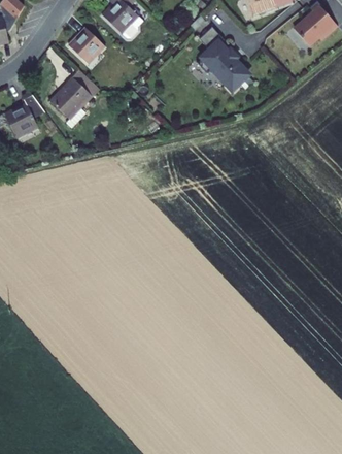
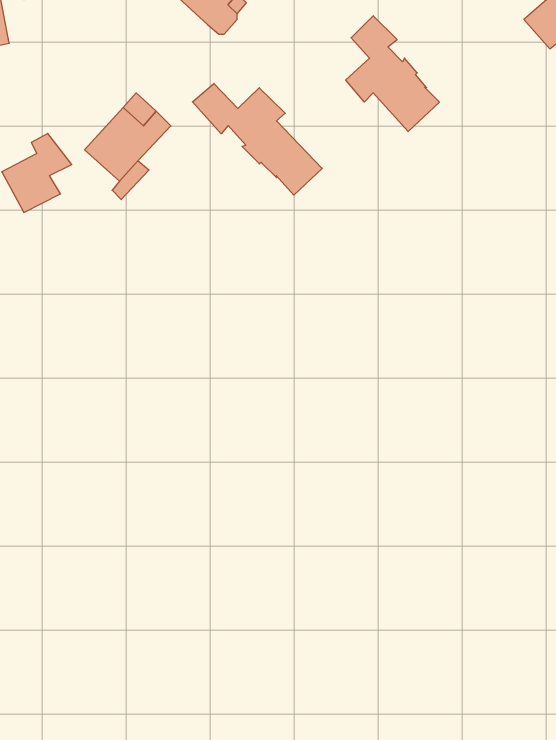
building: [68,27,103,62] -> none
building: none -> [192,83,322,195]

